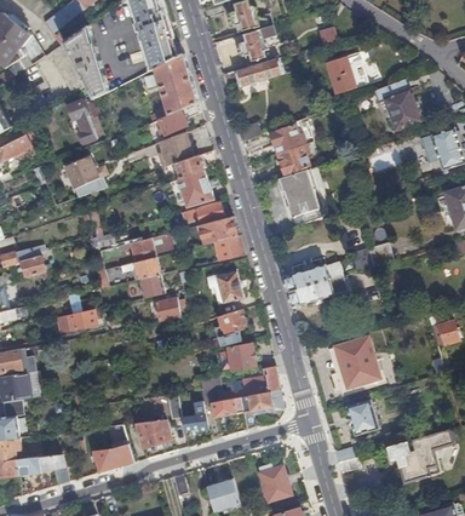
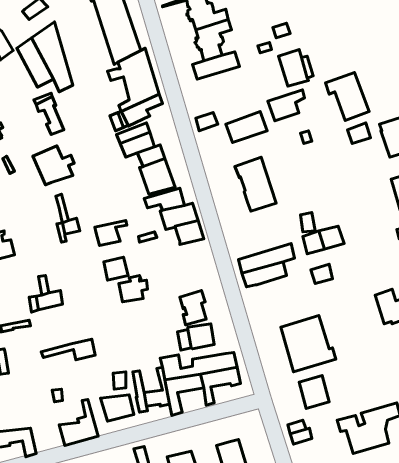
building: [275,142,314,174] -> [268,90,305,121]
building: [103,258,160,280] -> [41,339,95,360]
building: [216,273,243,304] -> none

